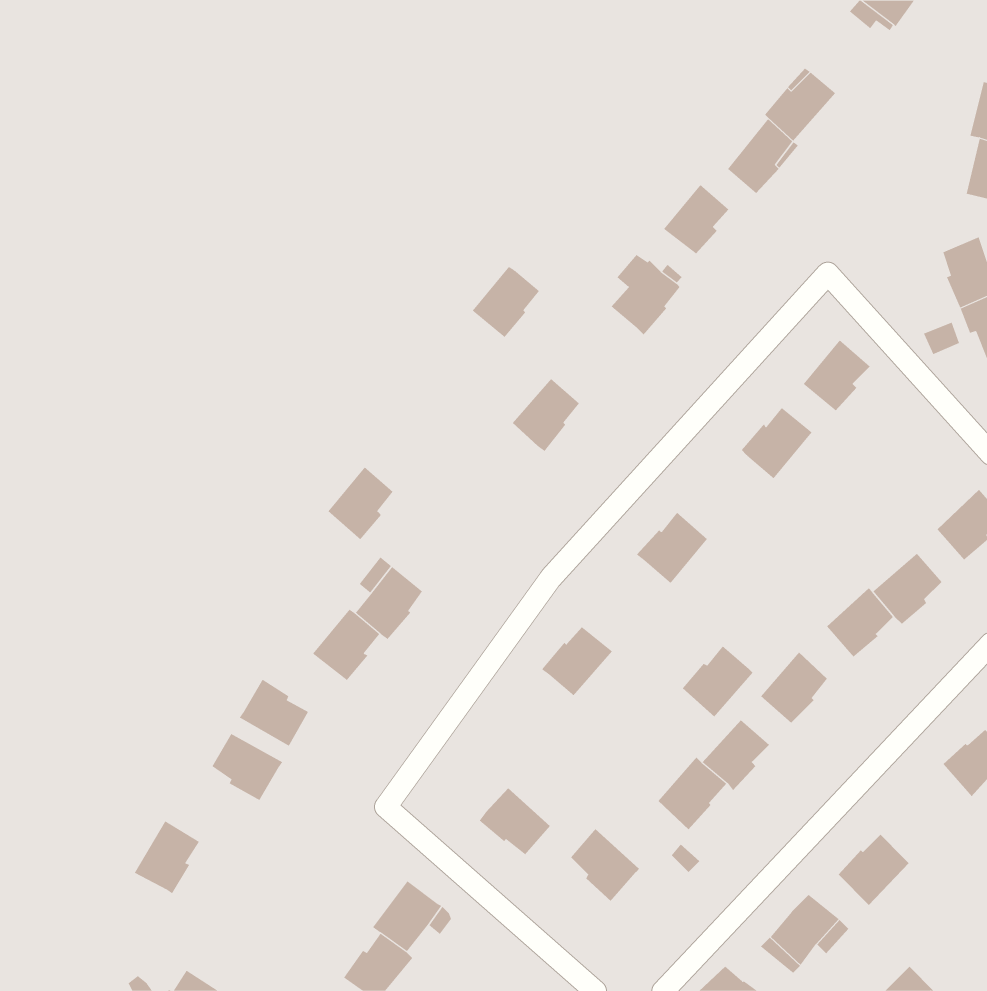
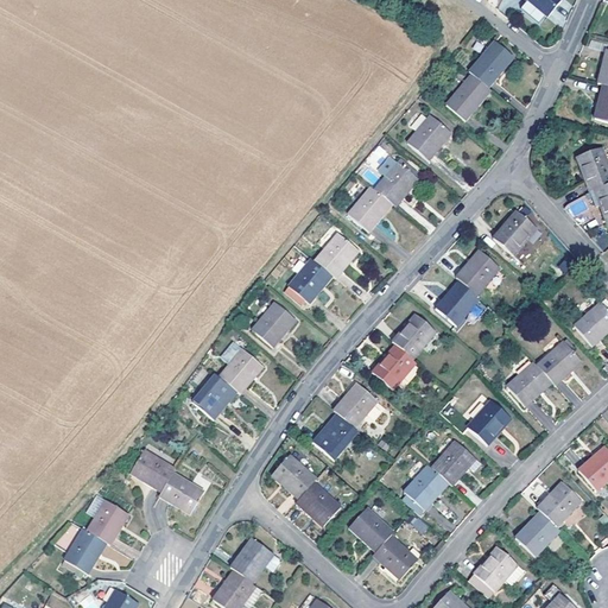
building: [472,266,540,338] -> [350,185,392,229]
building: none -> [290,256,331,302]
building: none -> [435,279,479,323]
building: [328,467,394,540] -> [253,300,293,346]
building: [682,646,753,717] -> [372,343,416,387]
building: none -> [314,413,357,457]
building: [239,679,309,747] -> [159,470,202,512]
building: none -> [273,455,317,498]
building: none -> [537,482,581,525]
building: none -> [63,531,104,576]
building: none -> [374,534,417,577]

